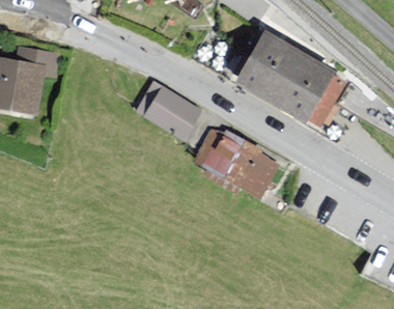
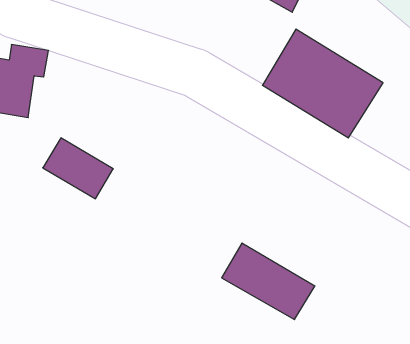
building: [139,82,200,135] -> [43,138,113,199]
building: [195,128,276,194] -> [222,243,315,320]

